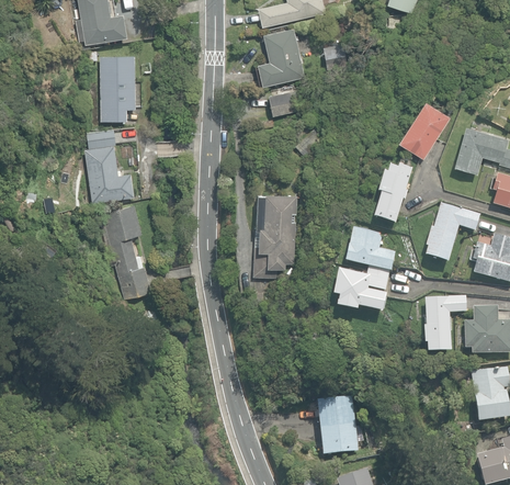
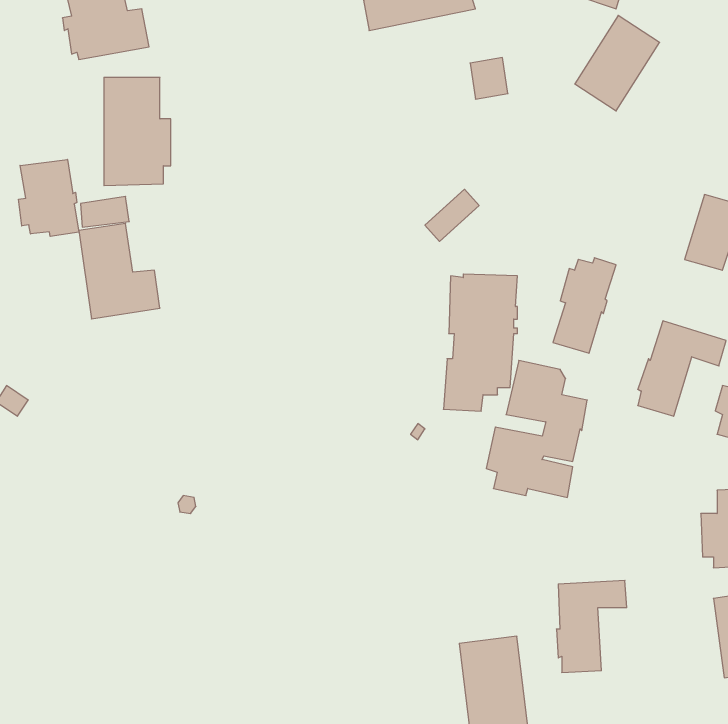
building: [257,29,304,88] -> none
building: [269,90,299,116] -> none
building: [397,101,449,159] -> [575,15,660,111]
building: none -> [19,159,79,236]
building: [252,194,297,278] -> [443,274,517,411]
building: [102,204,150,298] -> none
building: [423,296,466,352] -> [556,580,627,672]

